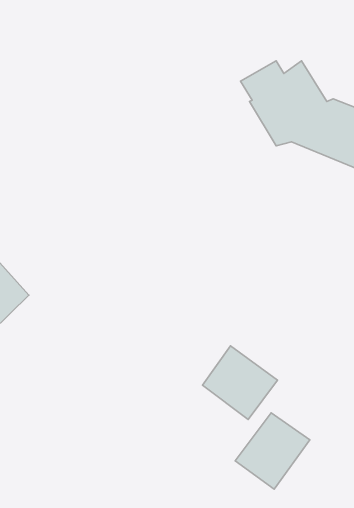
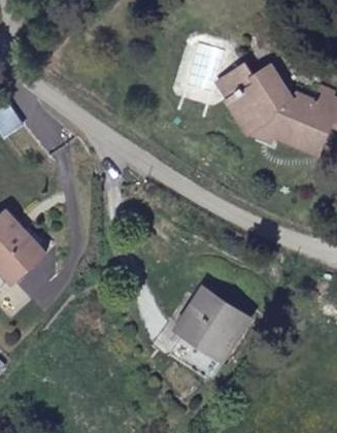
building: [235,413,310,489] -> none

